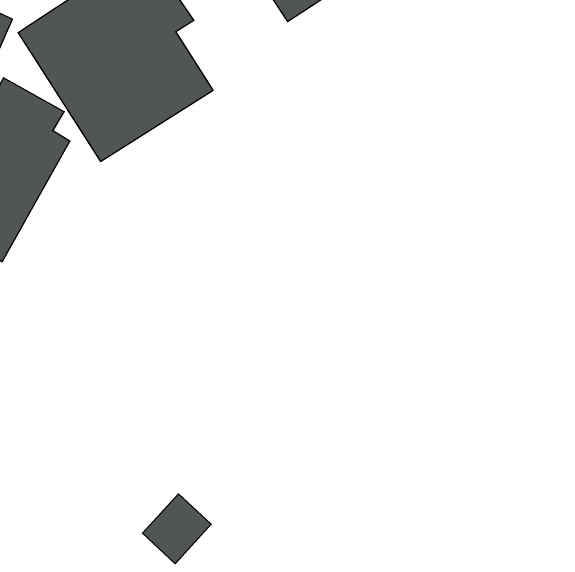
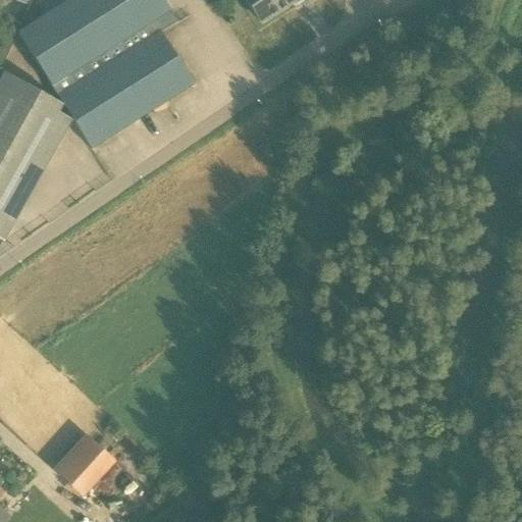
building: [142,494,211,564] -> [52,431,114,494]

